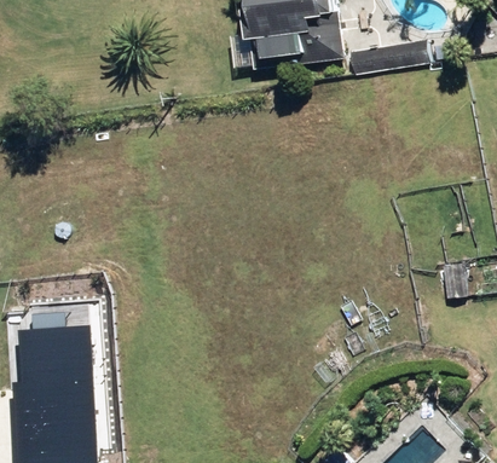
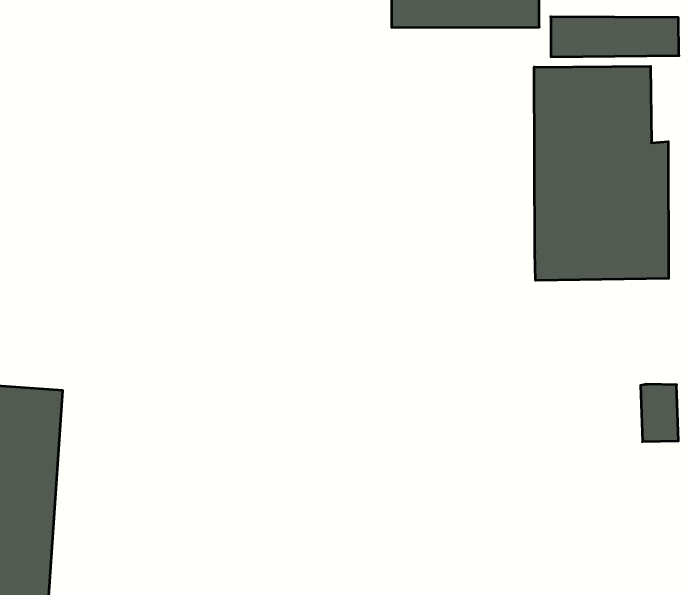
building: none -> [534,66,669,280]

